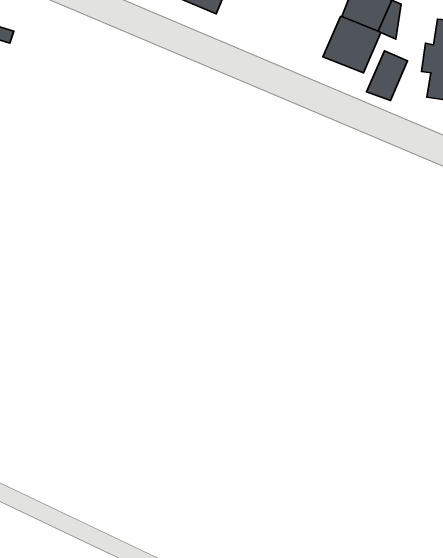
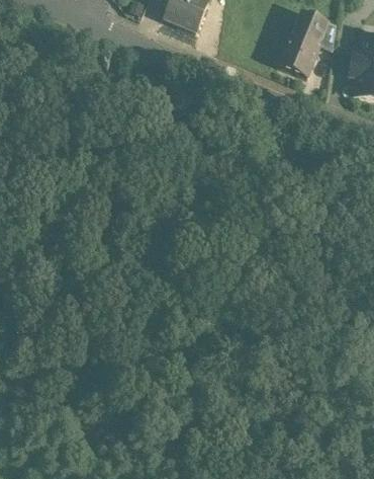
building: [367,51,407,101] -> none

